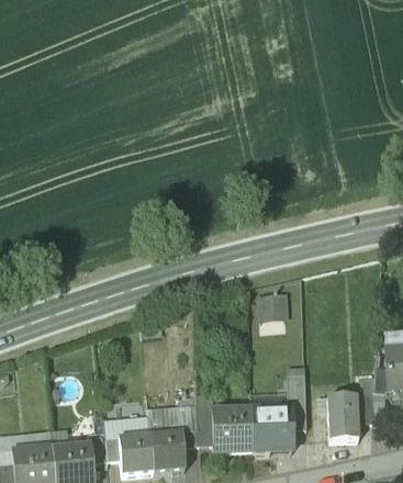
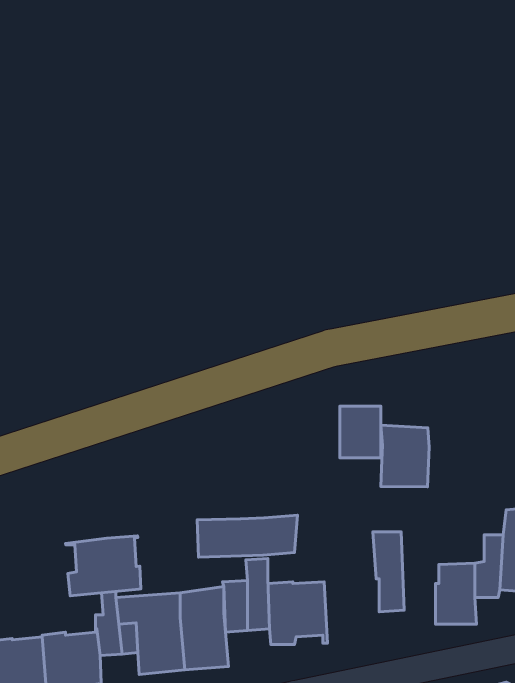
building: none -> [381,425,429,487]
building: none -> [197,515,297,557]
building: none -> [65,536,141,596]
building: [250,406,290,451] -> none

